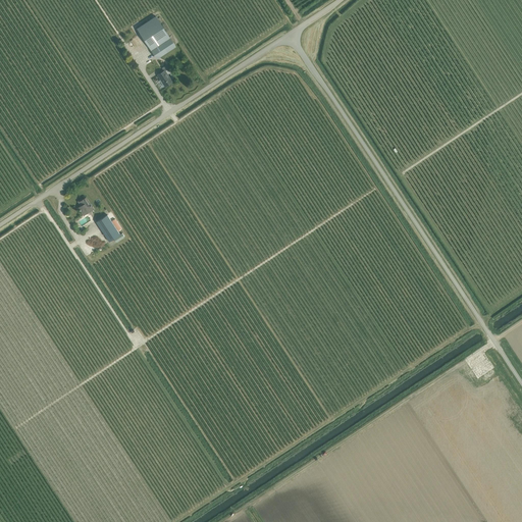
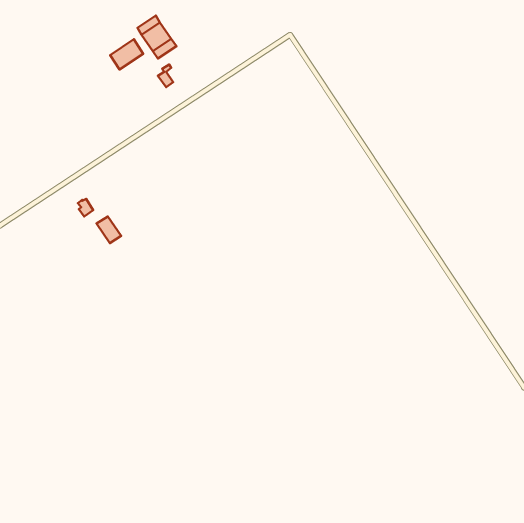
building: none -> [110,39,143,70]

